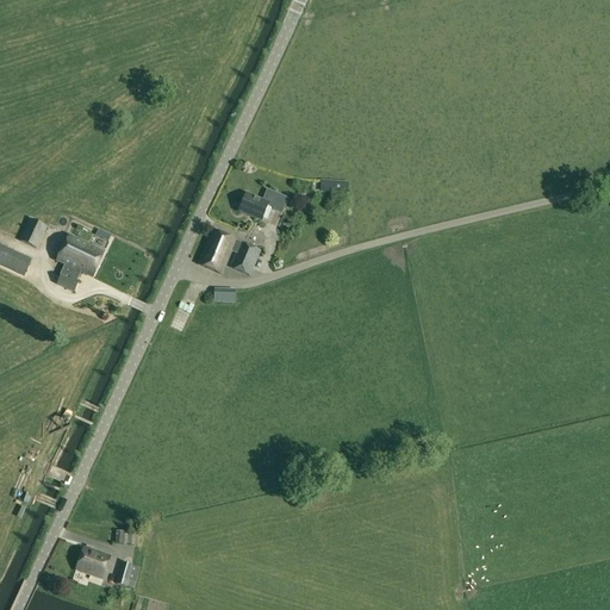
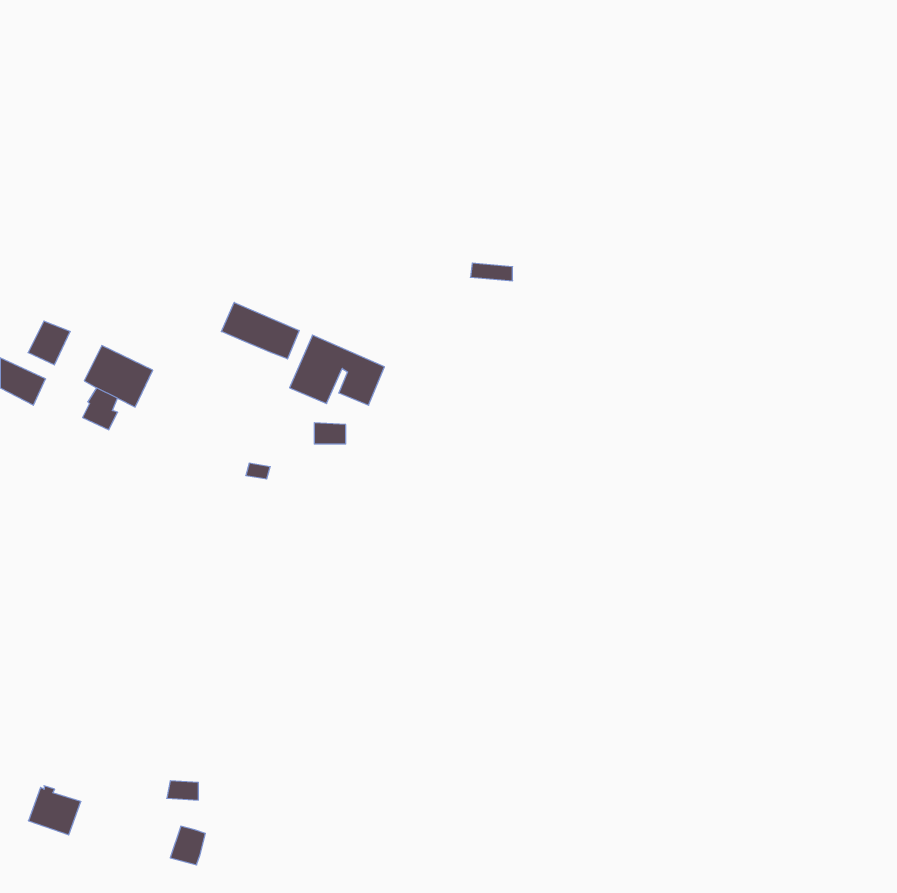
building: [238,189,287,220] -> none
building: none -> [221,302,299,359]
building: [75,544,111,578] -> [28,786,81,835]

